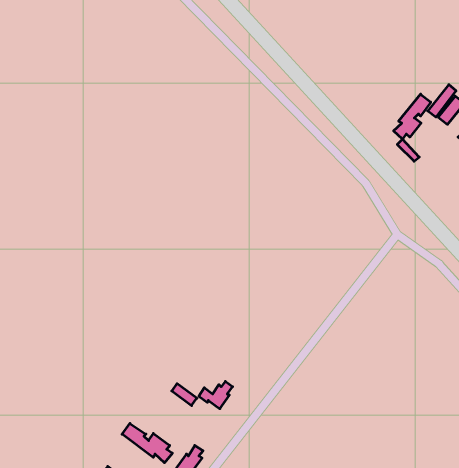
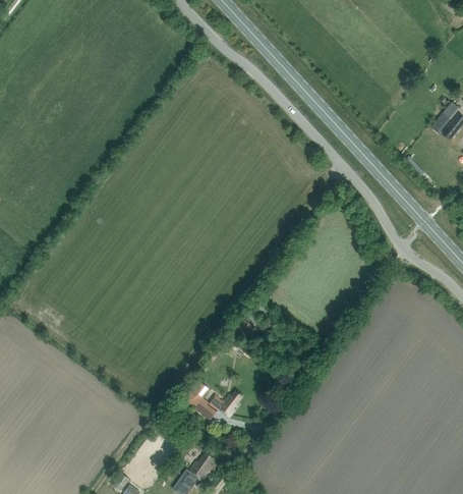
building: [394,94,431,139] -> none
building: [122,423,172,463] -> none

